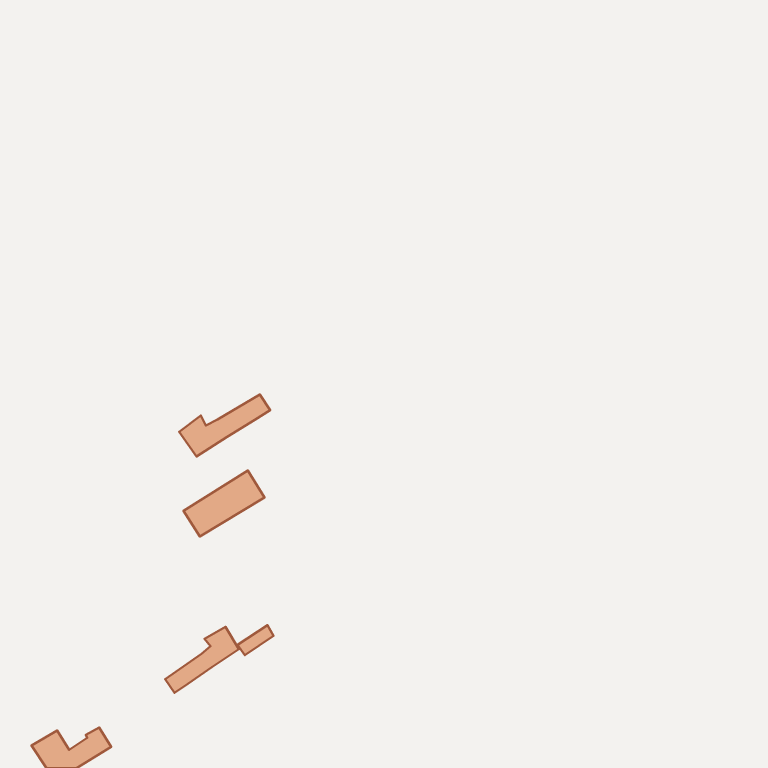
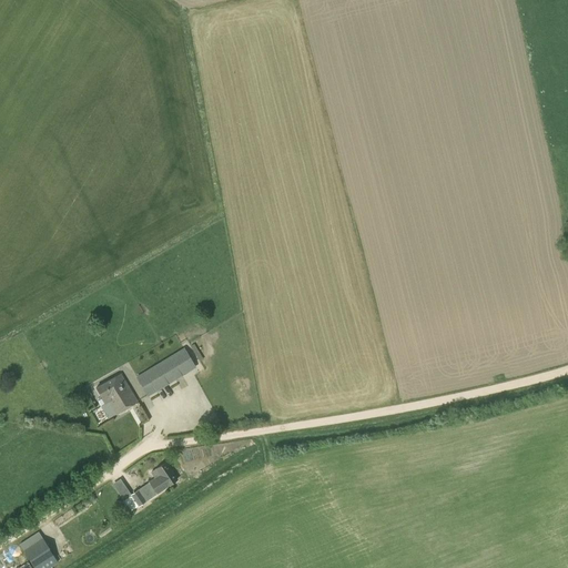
building: [179,394,270,456] -> none
building: none -> [97,373,136,413]

